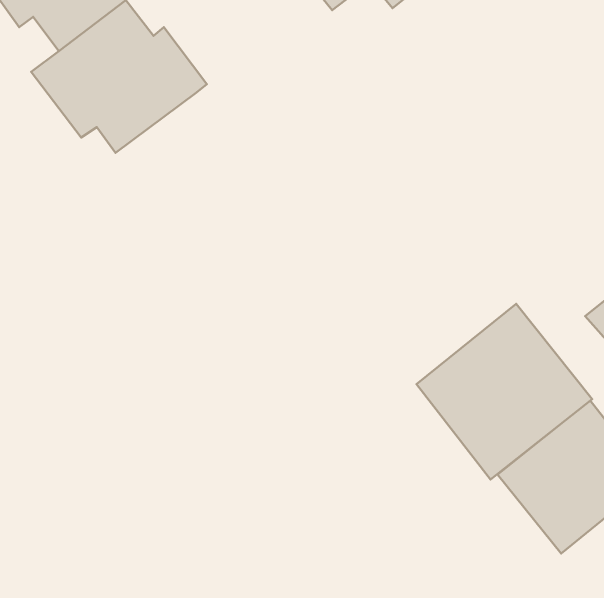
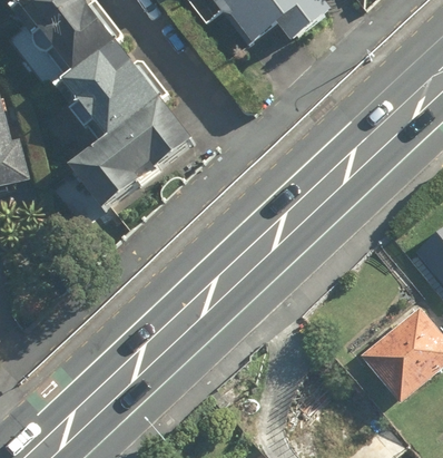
building: none -> [71,103,198,217]
building: [416,304,592,479] -> none

